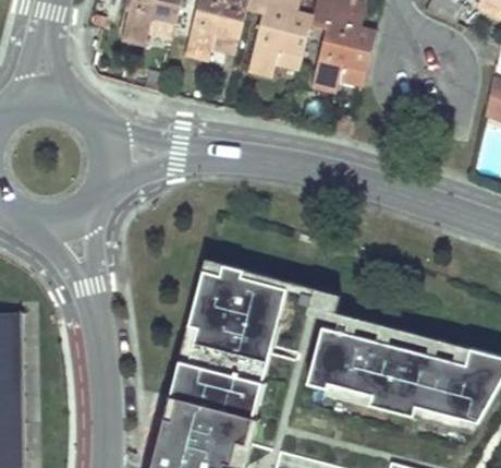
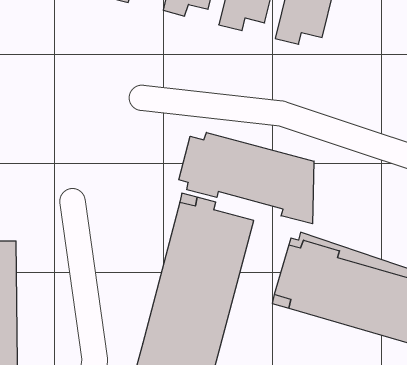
building: none -> [179,132,314,224]

